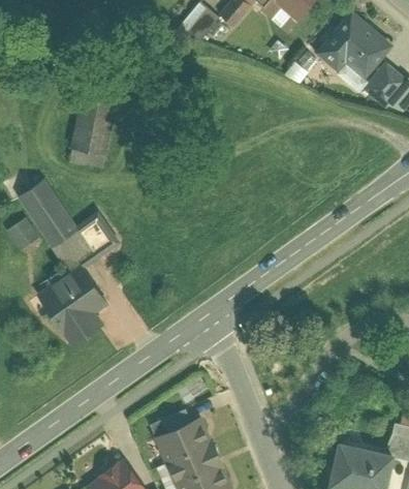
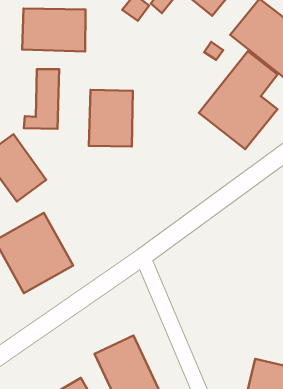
building: none -> [22,9,86,51]
building: none -> [199,51,278,149]
building: none -> [89,90,133,146]

